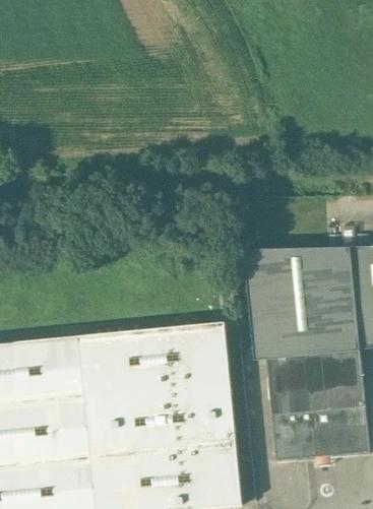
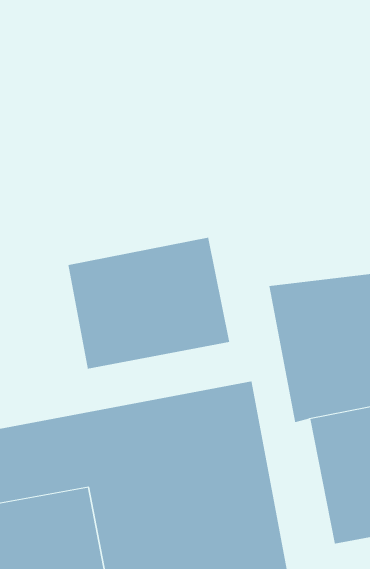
building: none -> [68,237,230,369]

